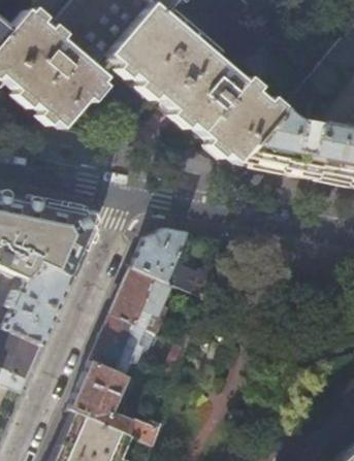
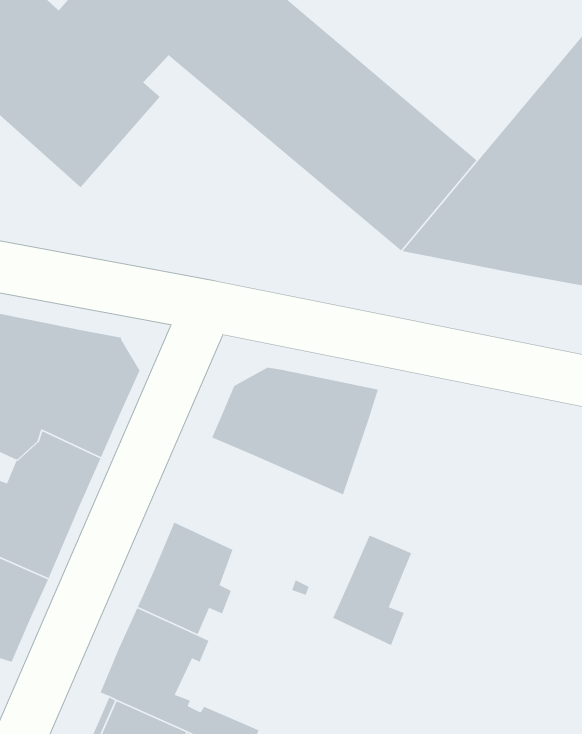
building: [109,264,154,326] -> [332,534,412,646]

